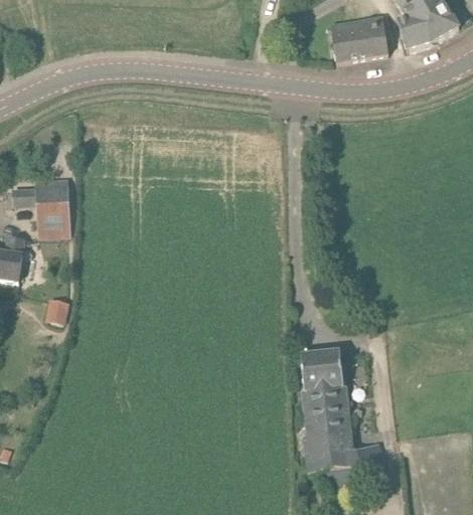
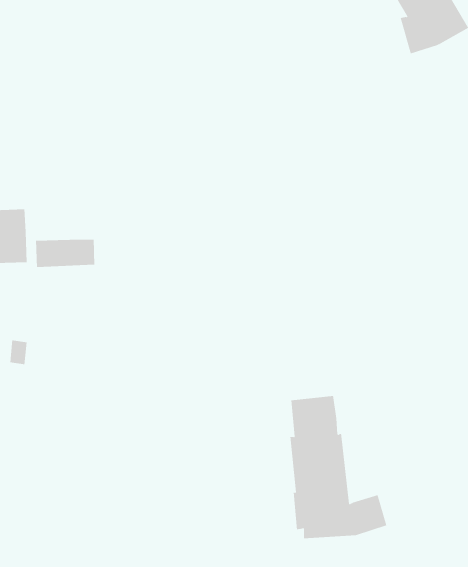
building: [330,12,388,60] -> none
building: none -> [36,239,95,268]

